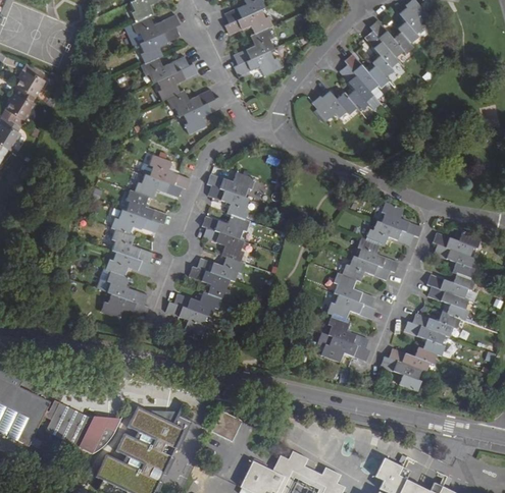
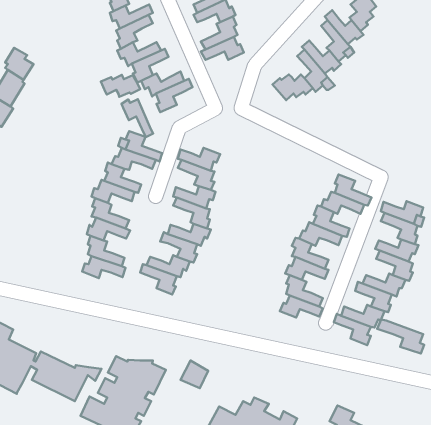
building: none -> [101,75,140,97]
building: none -> [121,99,153,137]
building: none -> [377,319,424,353]

